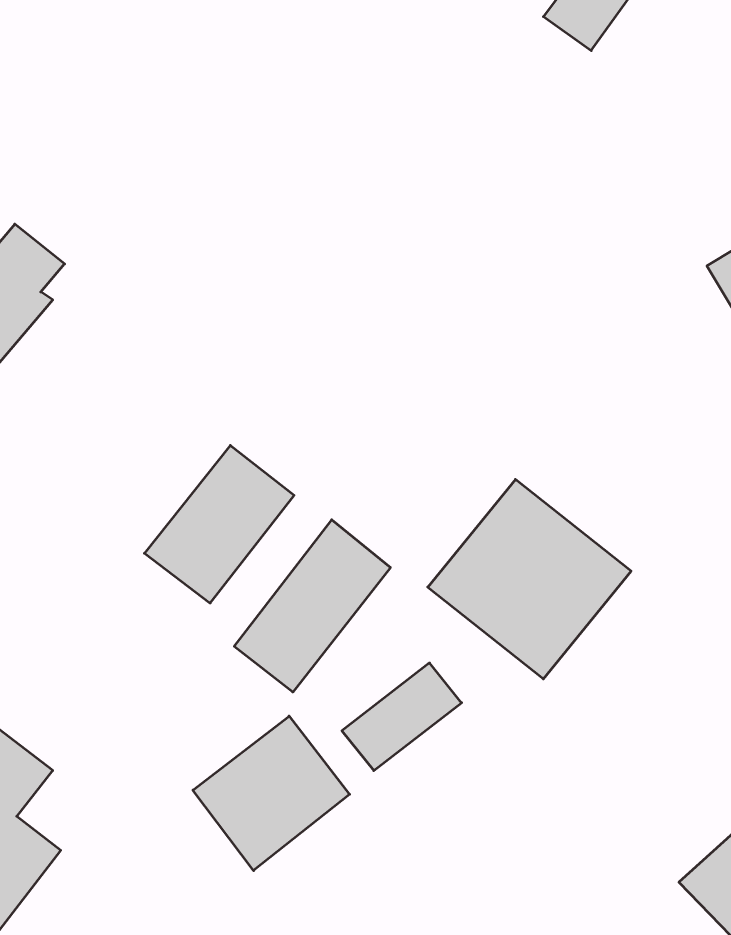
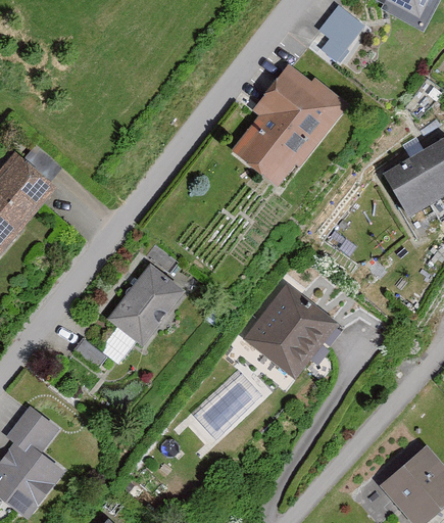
building: none -> [242,63,354,185]
building: [234,520,390,692] -> none
building: [193,716,350,871] -> none

